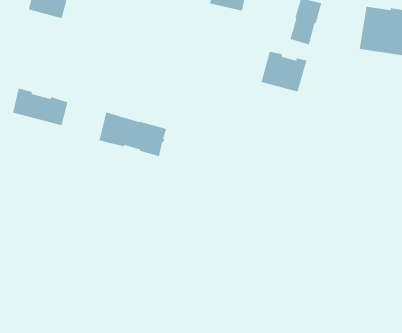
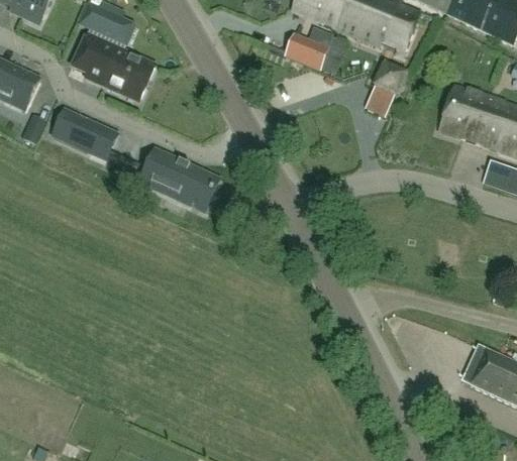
building: none -> [73,34,154,102]
building: [261,51,307,93] -> none

